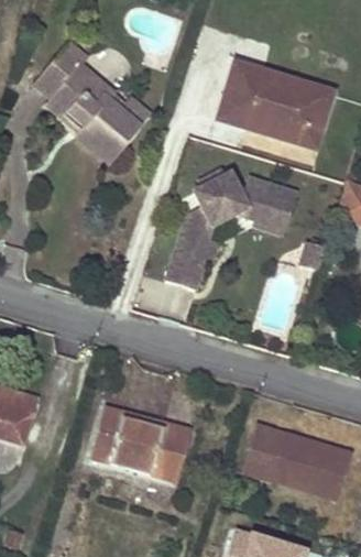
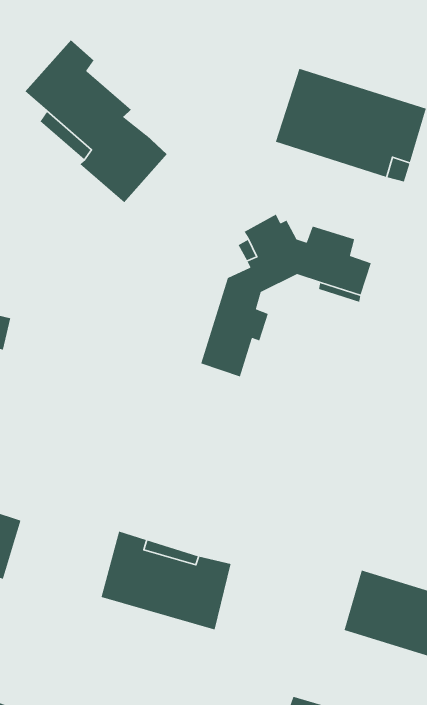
building: [245,425,286,479] -> none

